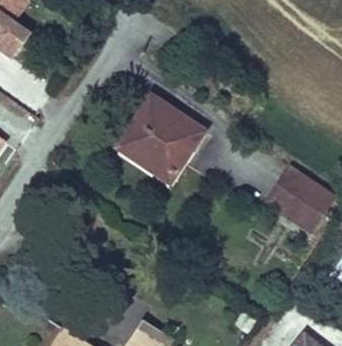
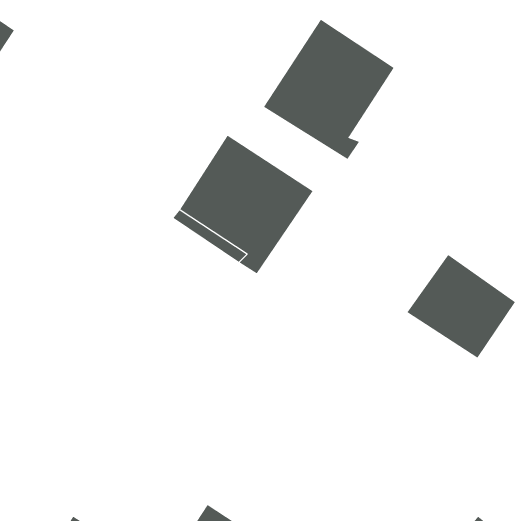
building: none -> [263,19,394,160]

